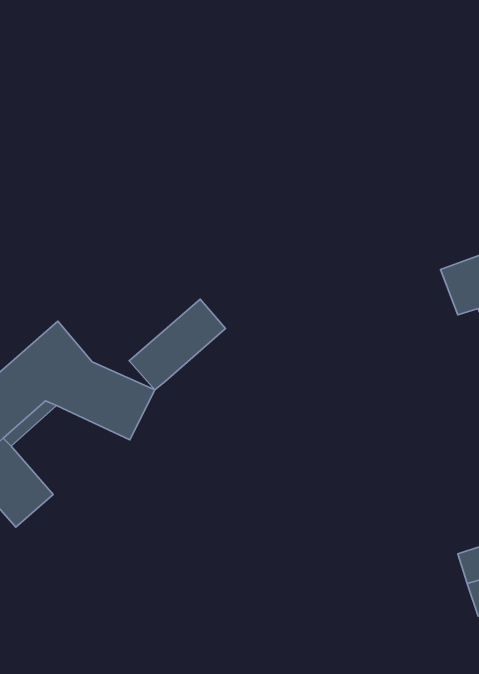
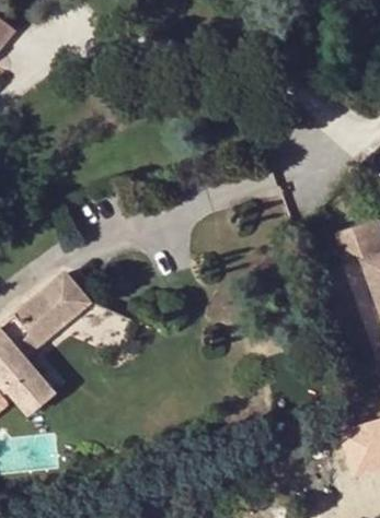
building: [129,299,226,390] -> none

